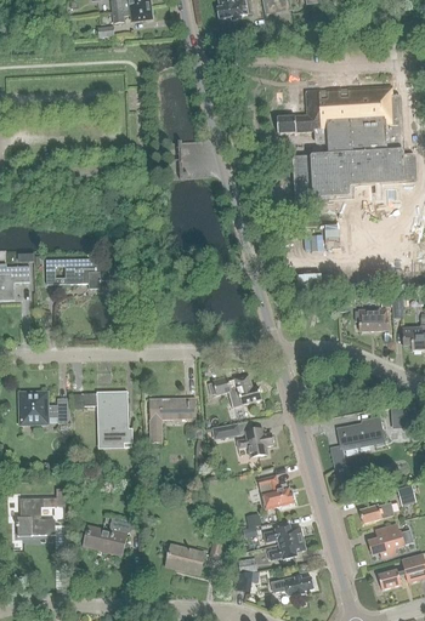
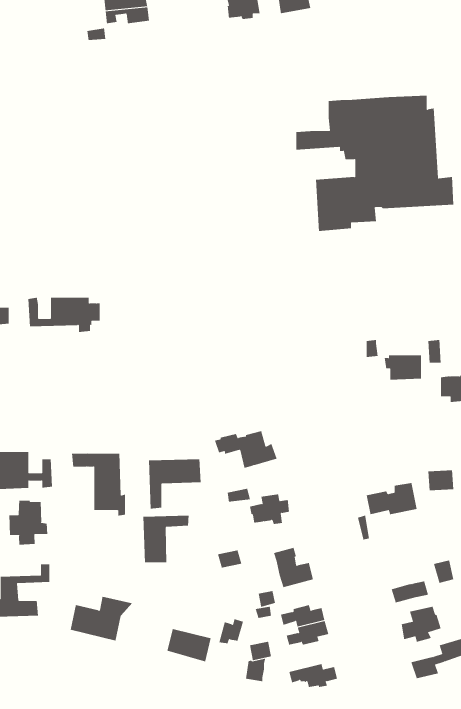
building: none -> [9,500,48,546]
building: none -> [143,515,189,563]

